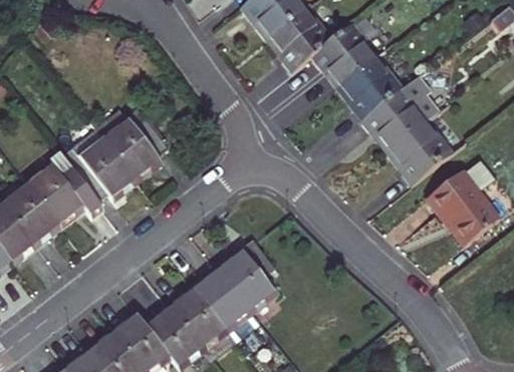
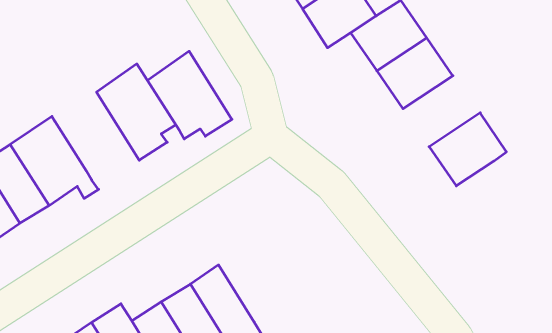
building: [362,72,441,148] -> none
building: [58,128,136,206] -> [148,51,232,139]
building: [426,160,496,247] -> none
building: [214,241,275,317] -> none

